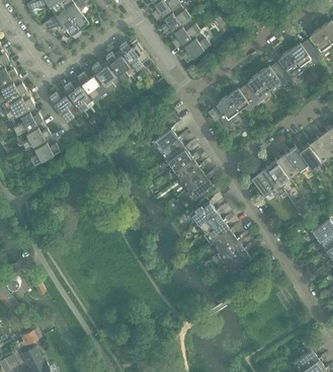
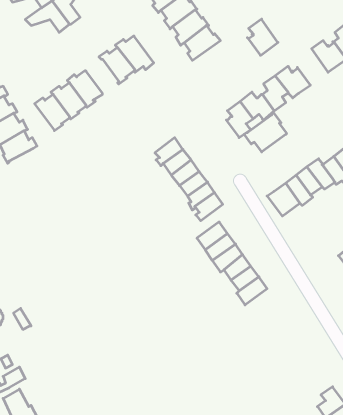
building: [276,51,303,82] -> [247,19,278,55]
building: [90,60,121,91] -> none
building: none -> [244,113,286,152]
building: [26,137,59,165] -> none

